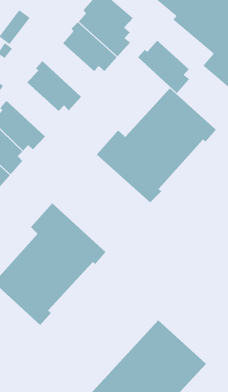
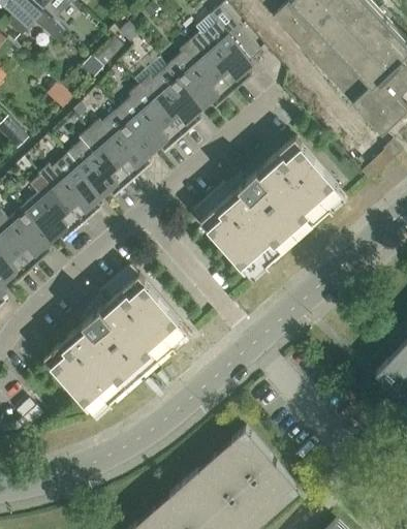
building: [137,40,190,94] -> [136,66,200,136]
building: none -> [86,111,150,181]

